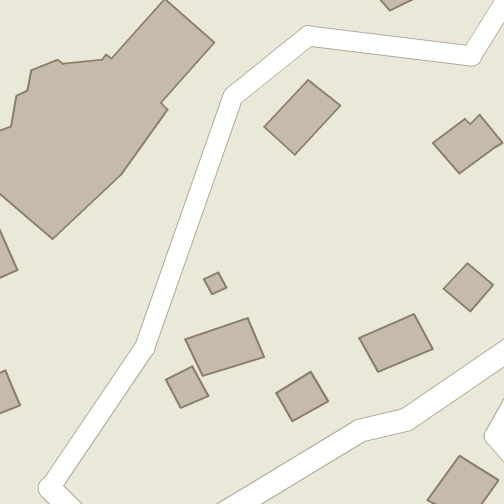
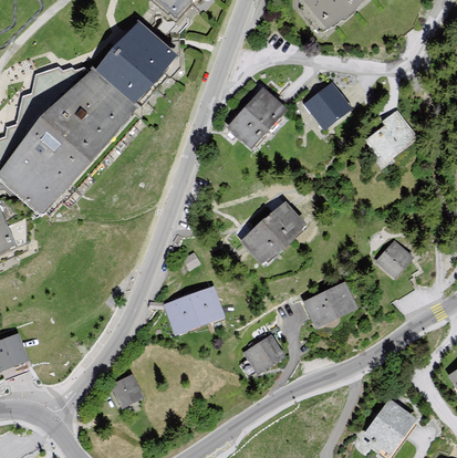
building: none -> [300,85,351,133]
building: none -> [240,205,309,268]
building: [166,366,209,408] -> [107,375,143,409]

